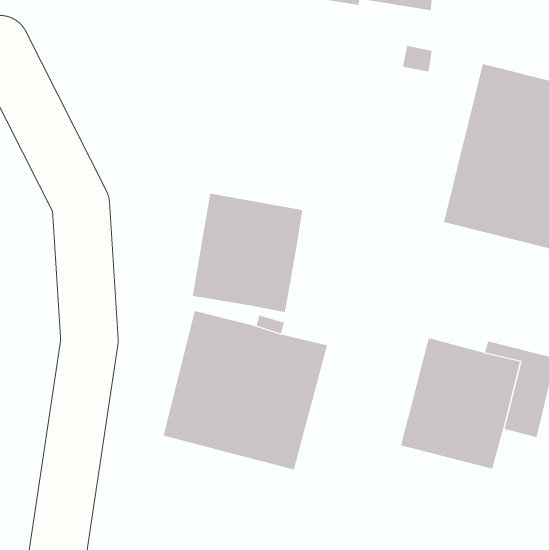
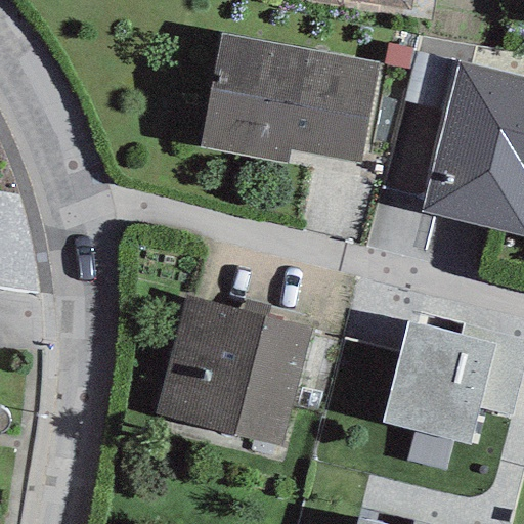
building: none -> [201,33,379,162]
building: [192,193,303,313] -> none

